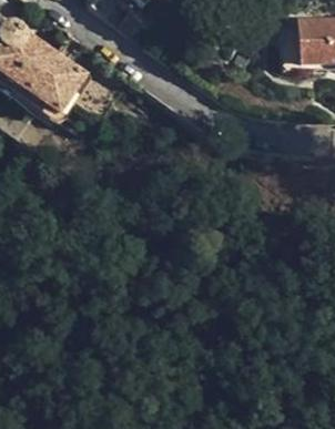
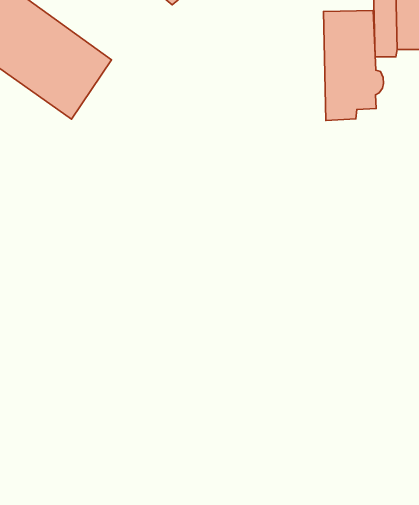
building: none -> [323,10,384,120]

